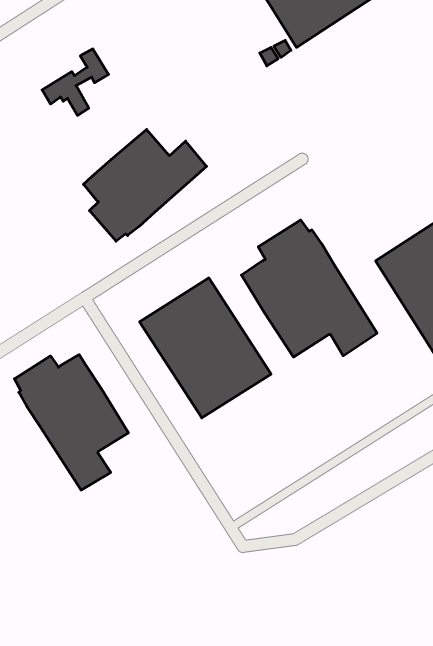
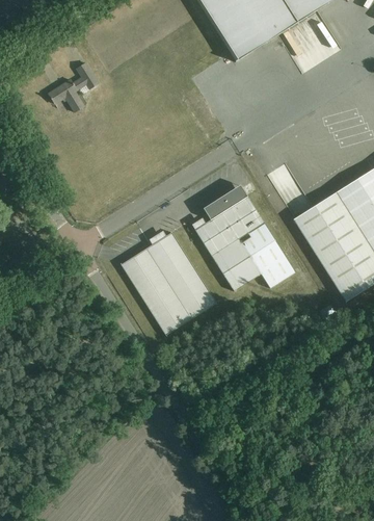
building: [83,129,207,241] -> none
building: [14,355,128,490] -> none

